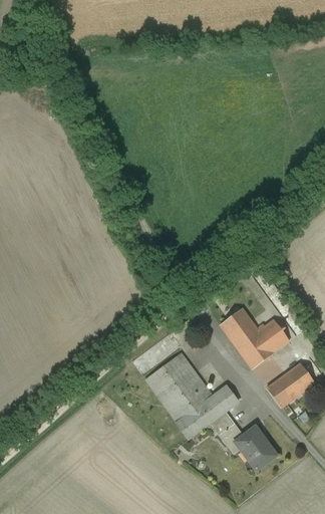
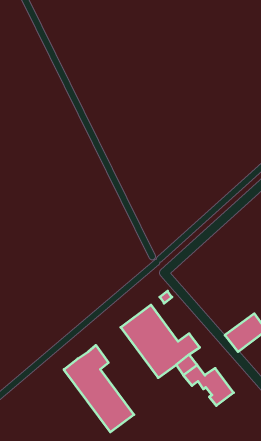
building: [220,308,289,368] -> none
building: none -> [64,345,134,432]

